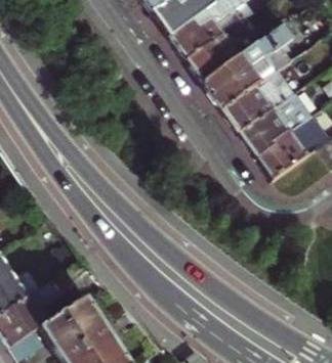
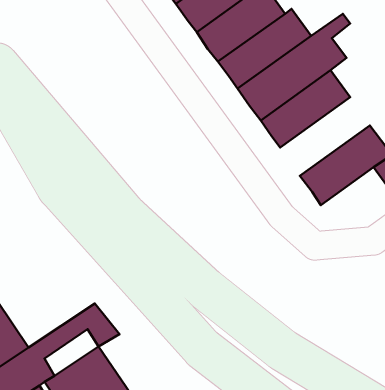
building: [237,86,312,151] -> none

